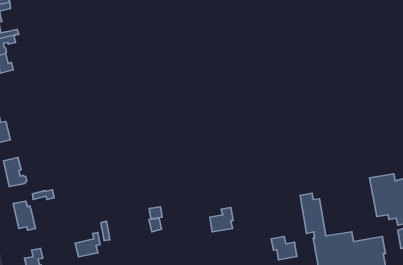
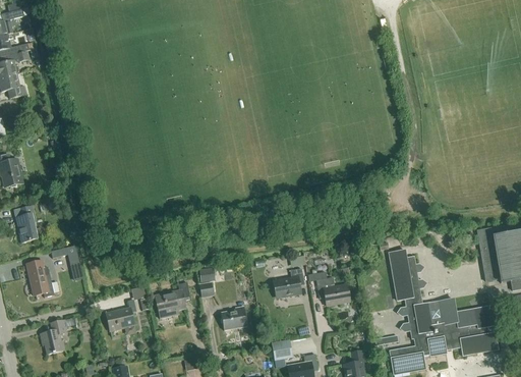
building: none -> [154,281,189,318]
building: [271,236,297,260] -> [315,276,348,306]
building: none -> [221,305,247,329]

